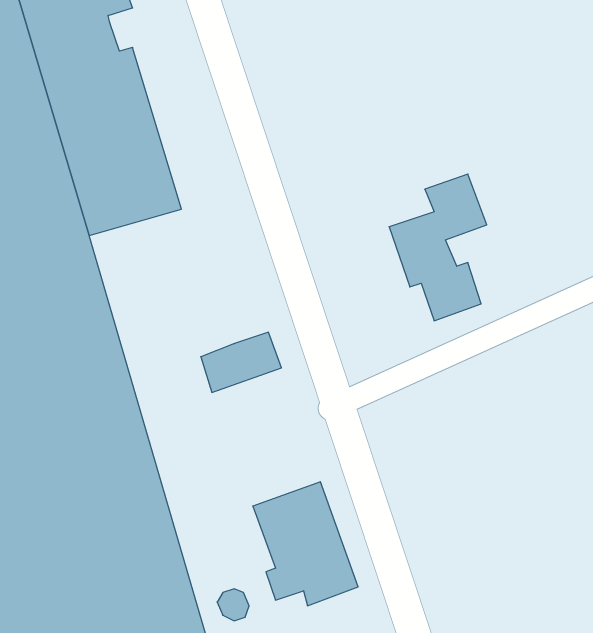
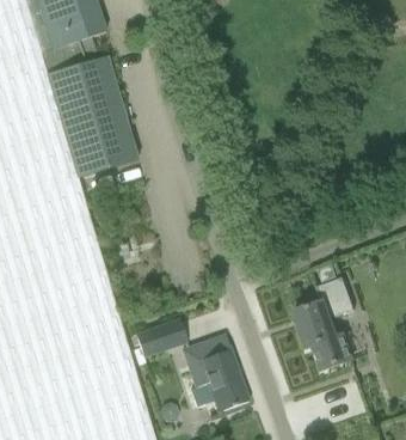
building: [389,174,487,321] -> [293,279,355,372]
building: [201,332,281,392] -> [135,320,186,359]

